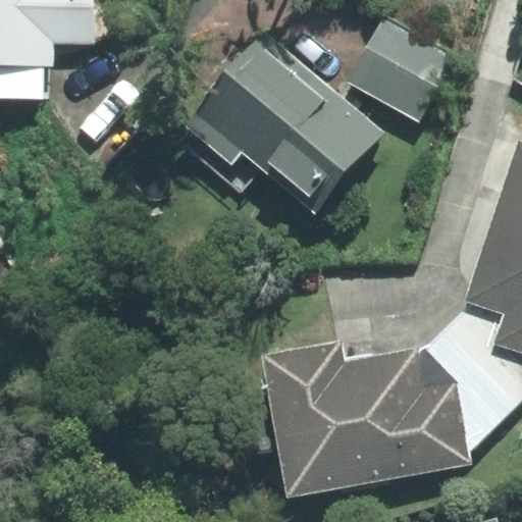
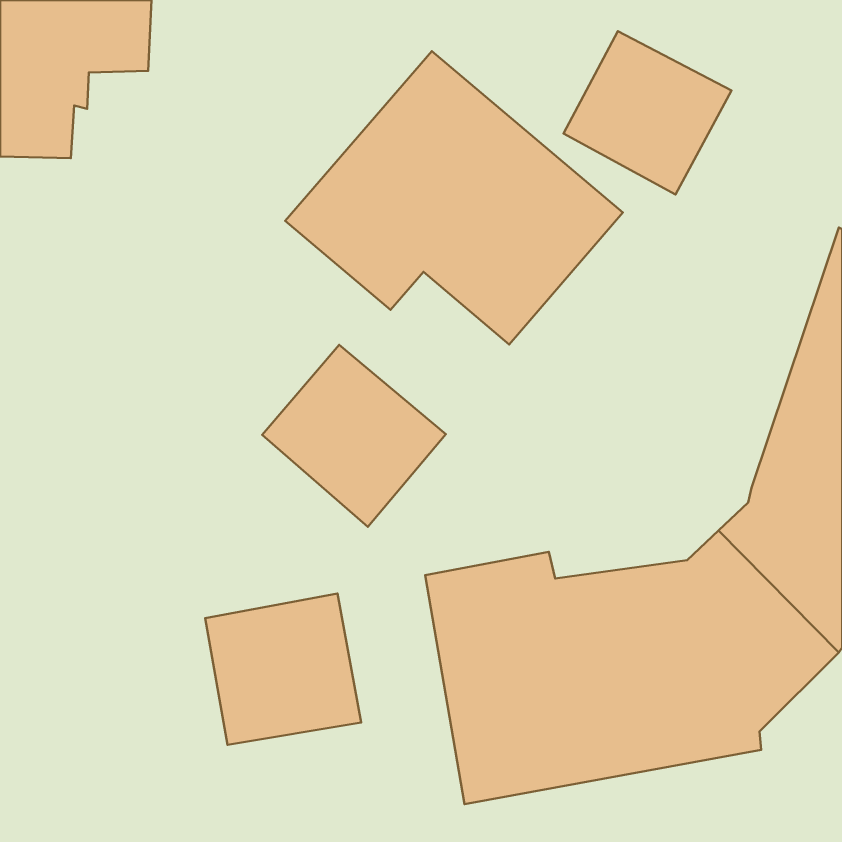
building: none -> [262,345,446,527]
building: none -> [205,593,361,745]

